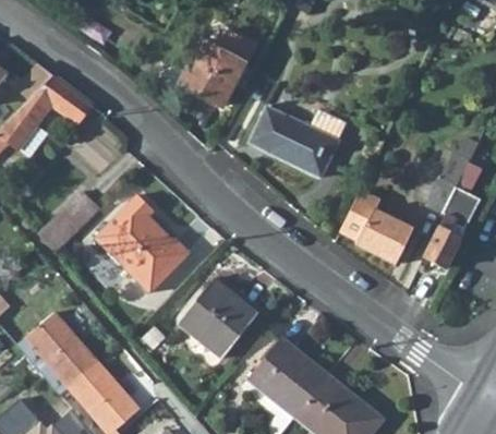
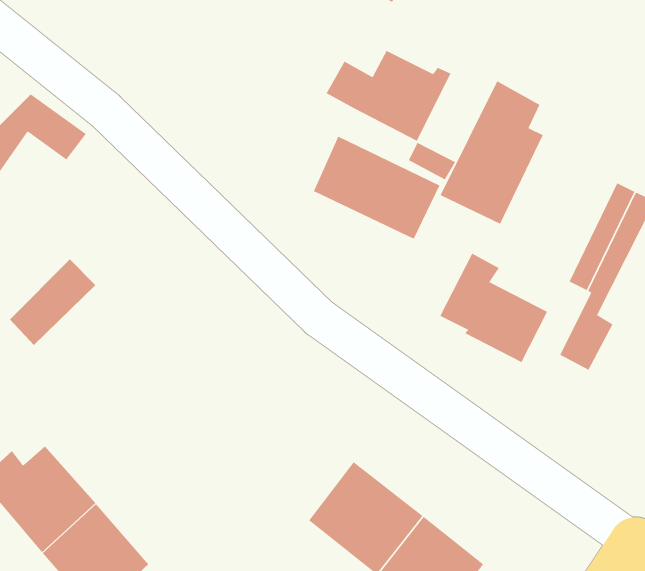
building: [161,41,250,106] -> [325,50,452,142]
building: none -> [440,80,544,225]
building: [95,195,187,290] -> none
building: [179,277,256,354] -> none

